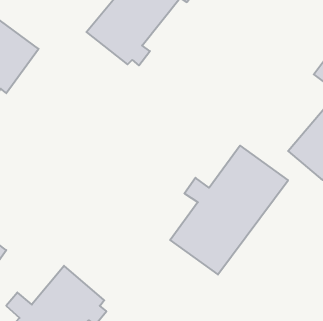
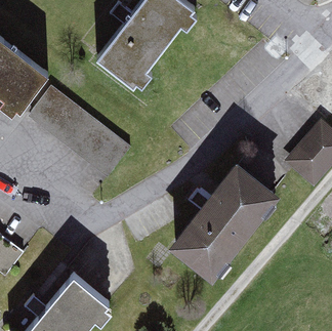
building: none -> [25,91,128,182]

